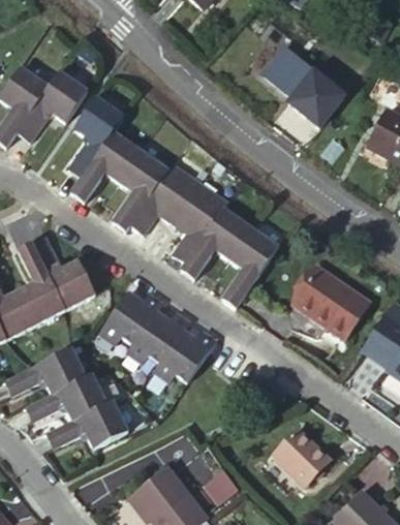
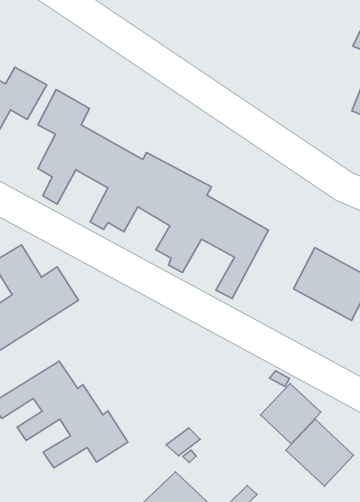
building: [259,47,349,129] -> none
building: [99,291,216,381] -> none
building: none -> [260,383,321,444]

